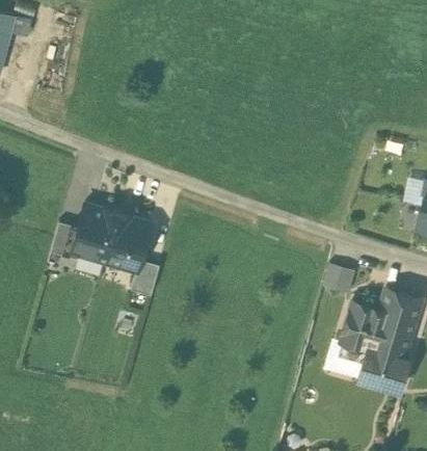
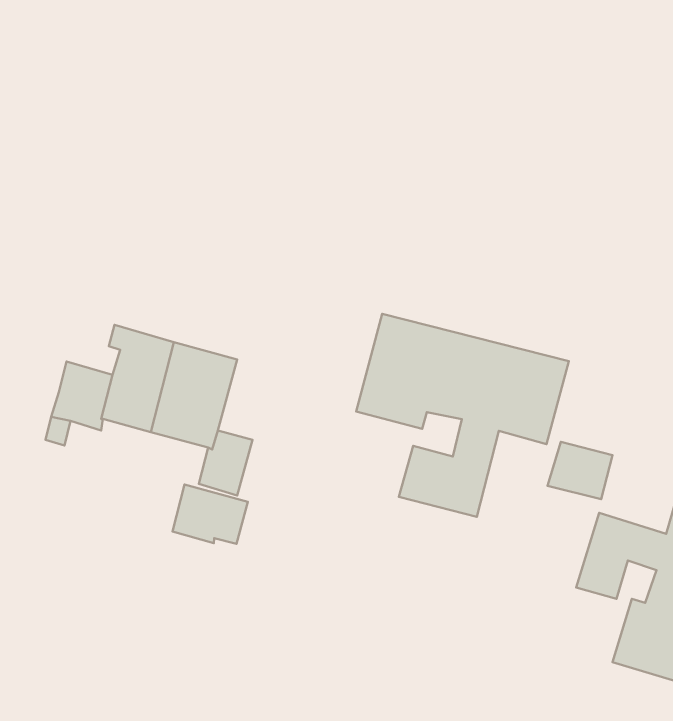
building: none -> [356,314,569,517]
building: none -> [172,484,248,544]

